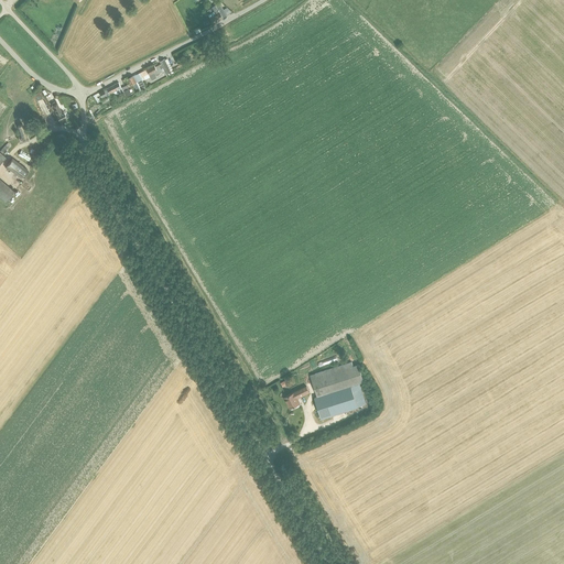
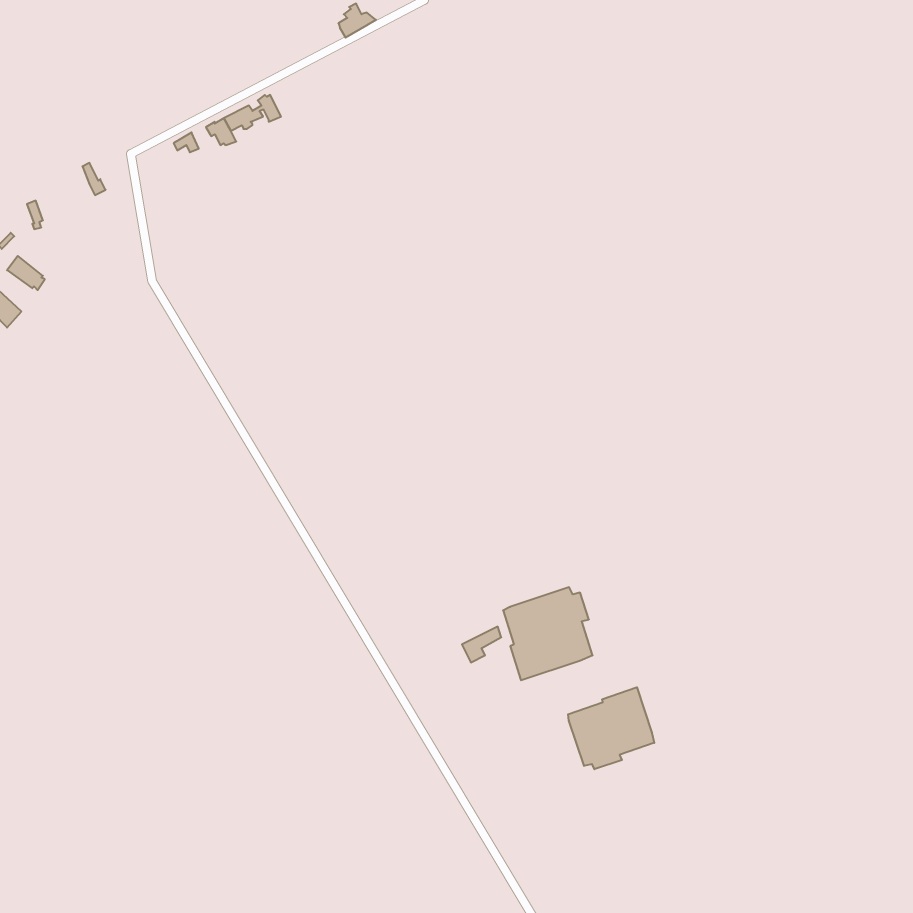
building: none -> [568,687,654,769]

